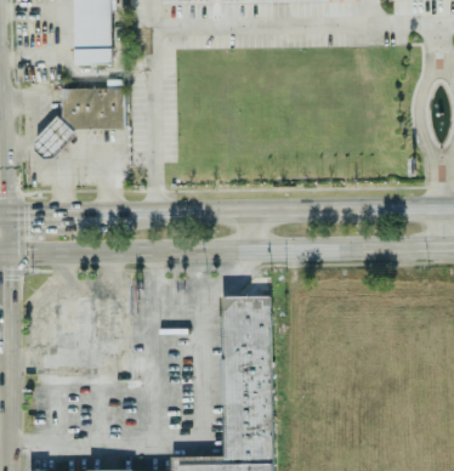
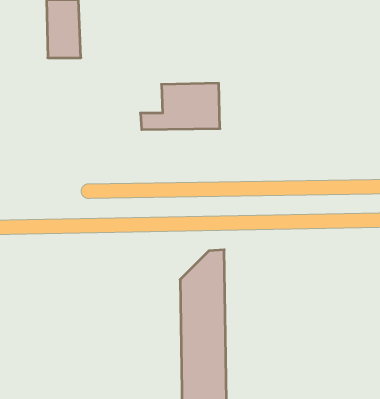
building: [38,87,125,138] -> [140,83,220,130]

